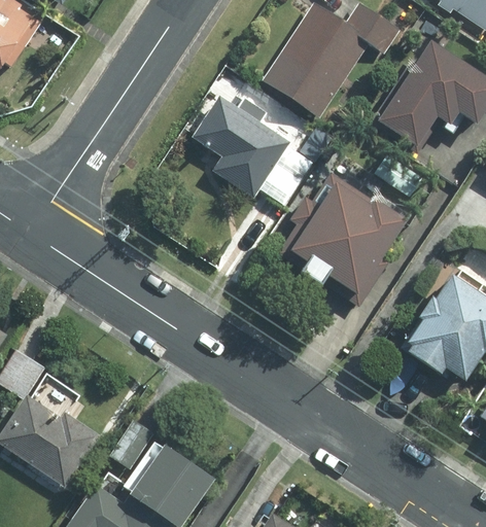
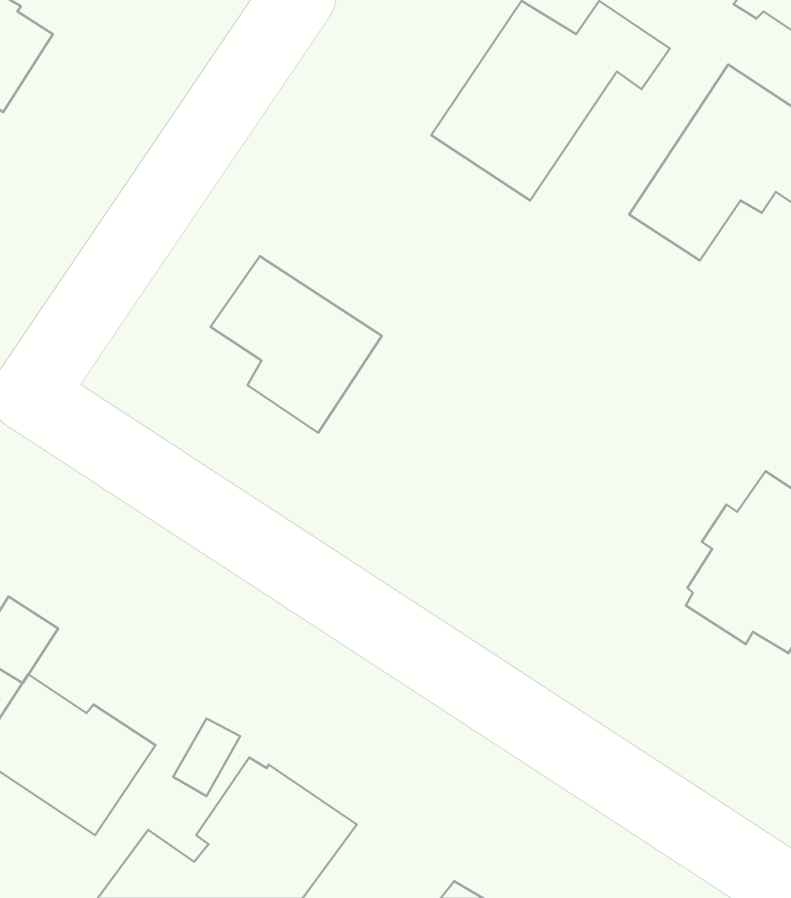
building: [190,95,290,198] -> [210,256,382,433]
building: [277,172,409,307] -> none

